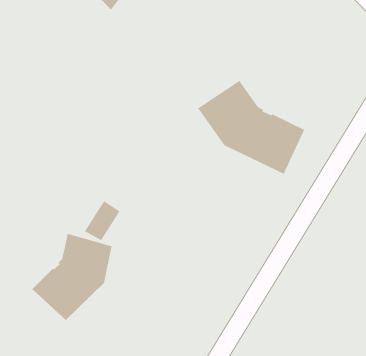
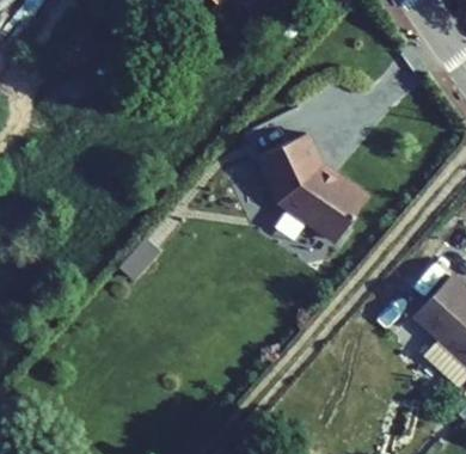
building: [32,233,112,321] -> none

